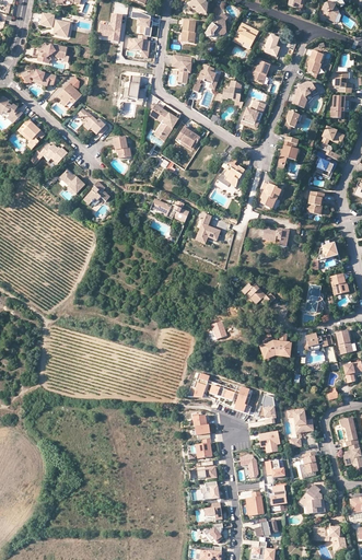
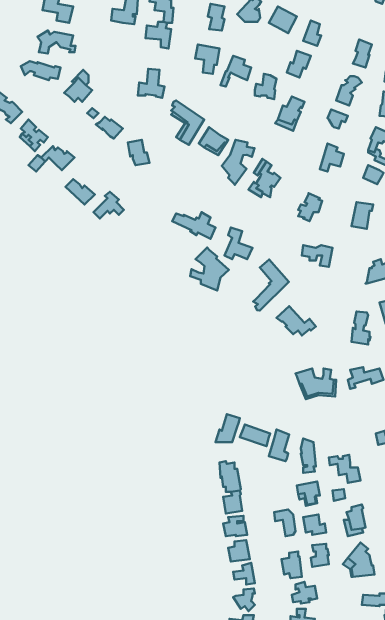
building: none -> [222,140,254,185]
building: none -> [190,248,229,290]
building: none -> [253,259,289,311]

